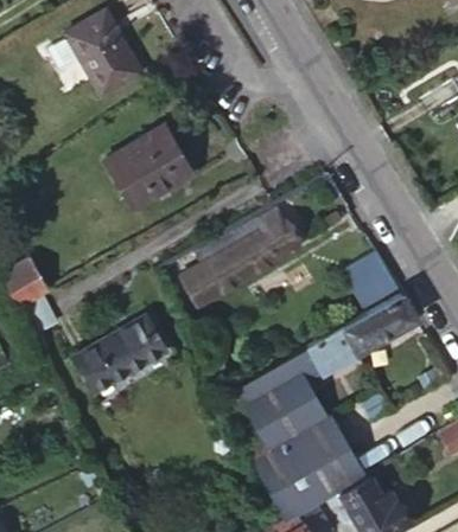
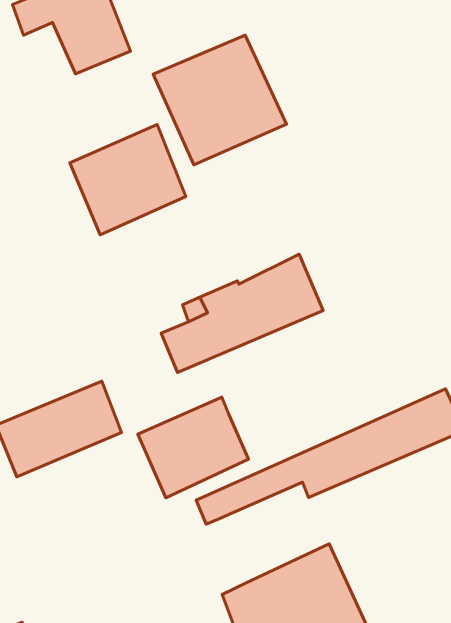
building: none -> [153,35,287,165]
building: [338,251,396,309] -> none
building: [244,373,327,451] -> [138,397,248,498]

